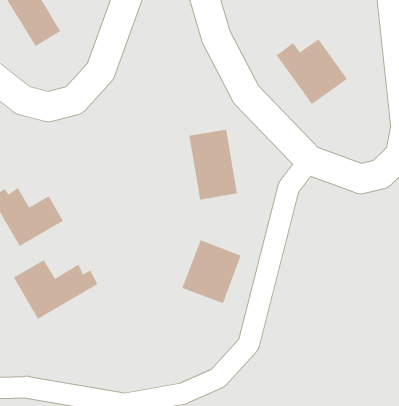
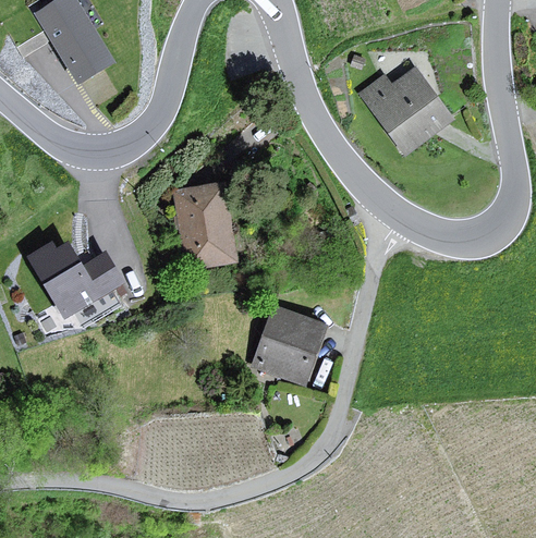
building: [188,129,238,200] -> [175,183,233,266]
building: [13,259,98,320] -> none

